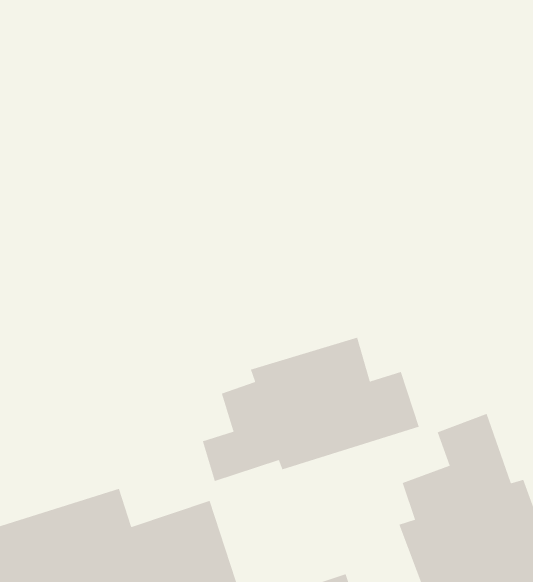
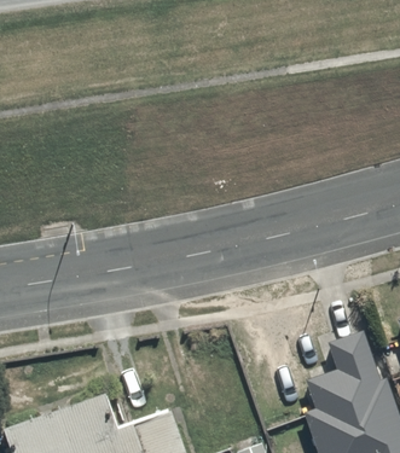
building: [202,337,420,482] -> none

